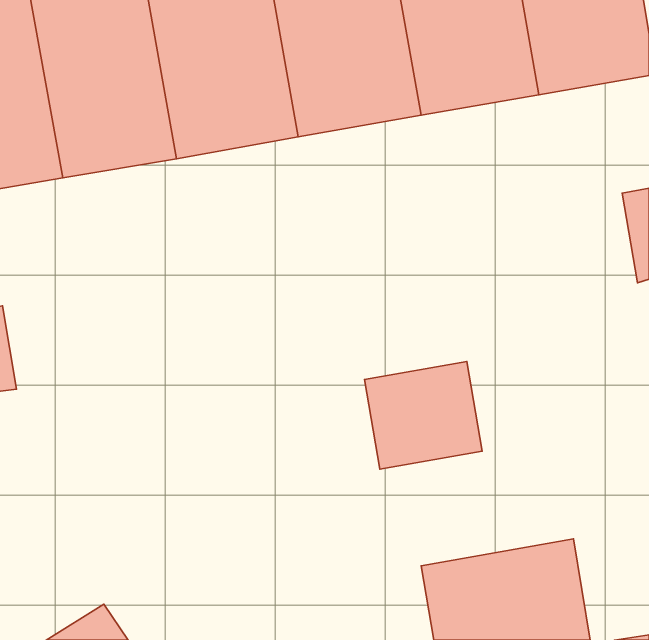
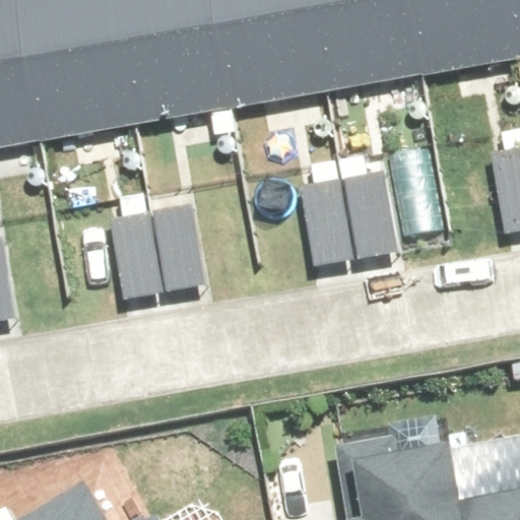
building: none -> [110,205,205,289]
building: [365,362,482,469] -> [304,171,397,256]

